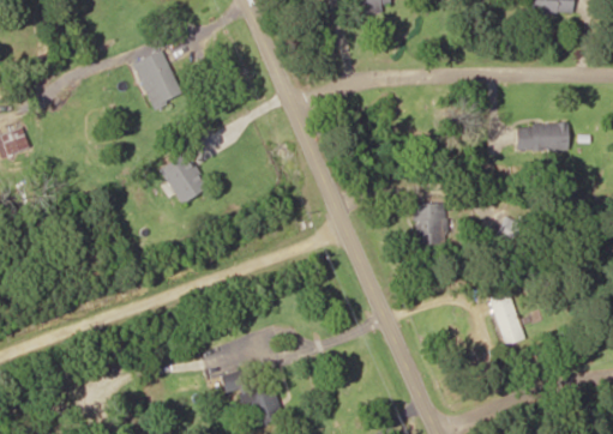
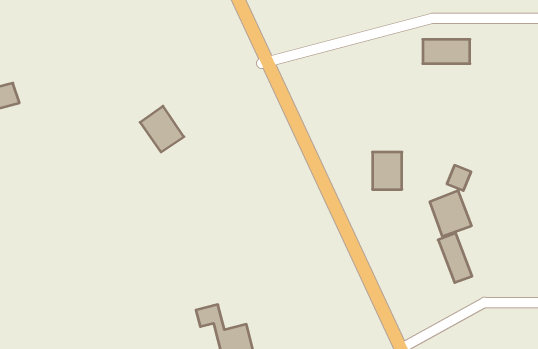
building: [131,49,181,110] -> none
building: [516,123,567,150] -> [423,39,470,64]
building: none -> [430,190,471,236]

